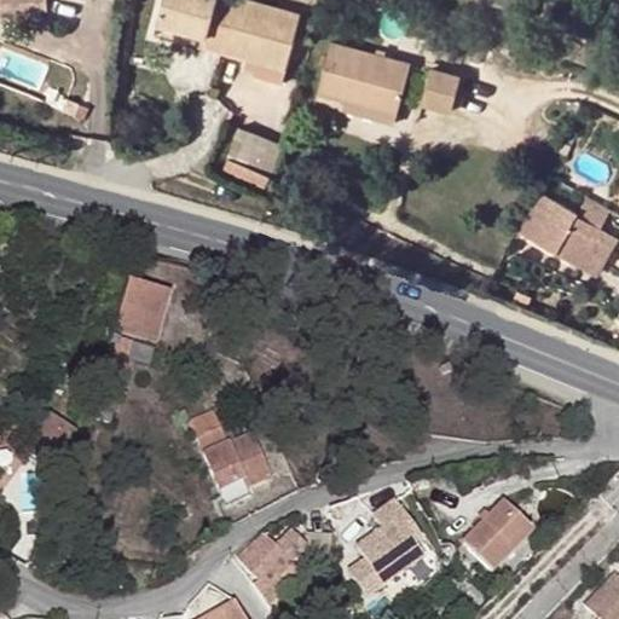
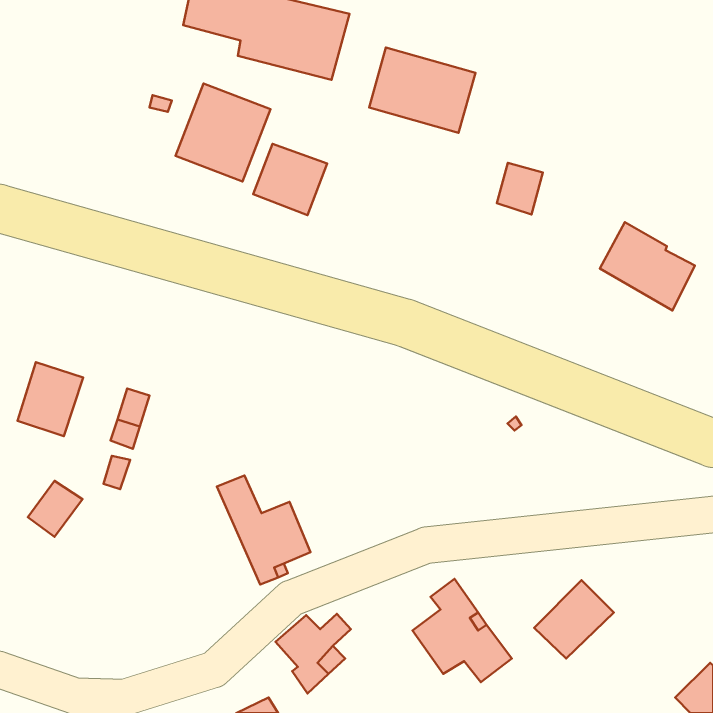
building: [423,69,463,114] -> [497,163,543,215]
building: none -> [176,83,270,182]
building: [112,279,169,343] -> [18,362,83,436]

